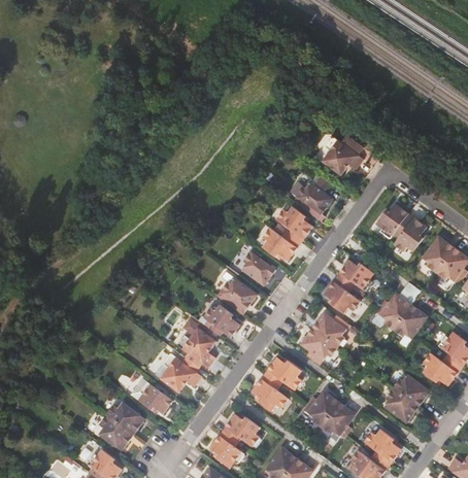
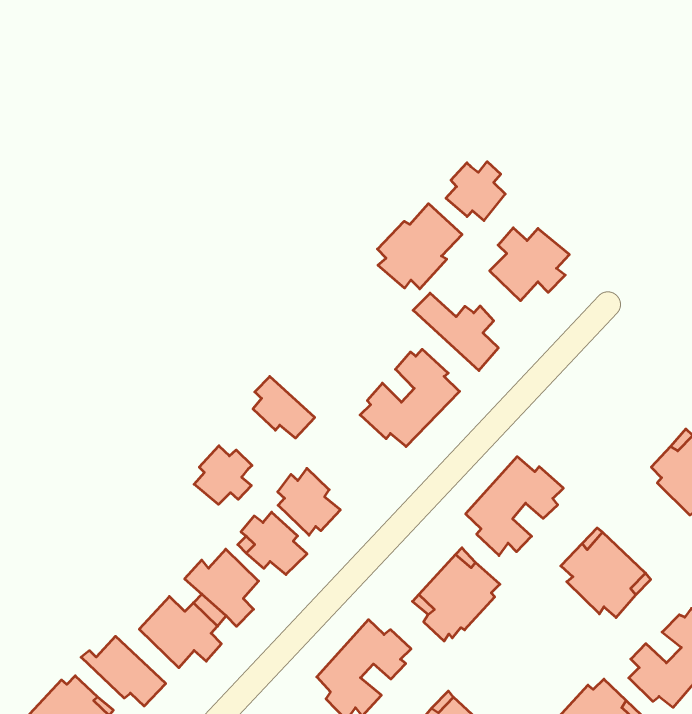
building: none -> [446,162,505,221]
building: none -> [377,204,462,289]
building: [375,202,427,250] -> none
building: [242,250,276,282] -> [253,376,315,438]
building: none -> [194,446,252,504]

